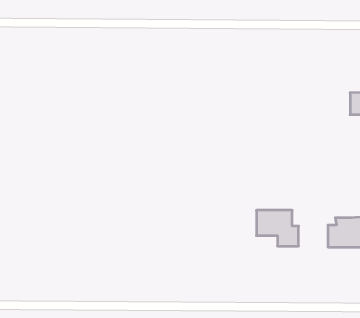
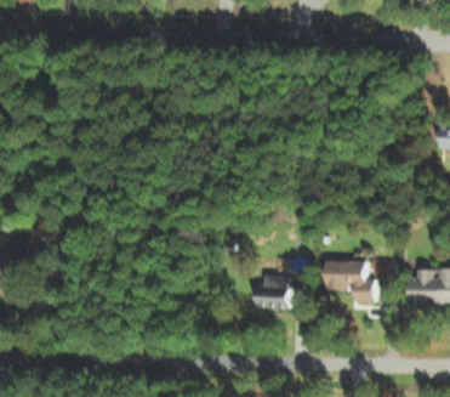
building: none -> [256,276,292,310]

